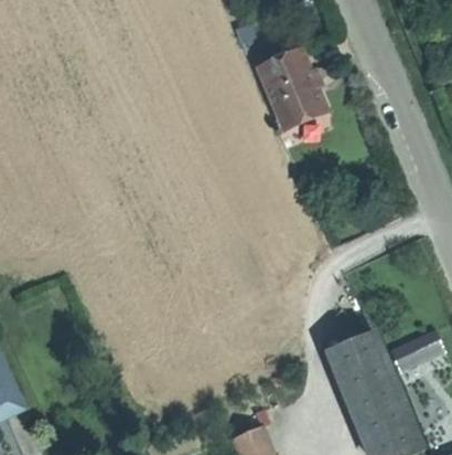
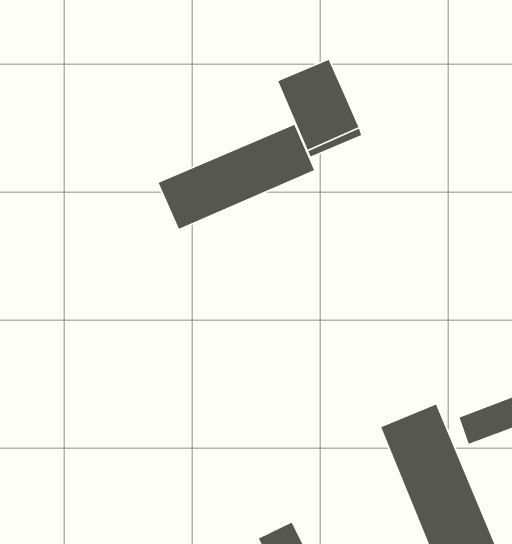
building: none -> [158,124,315,230]

